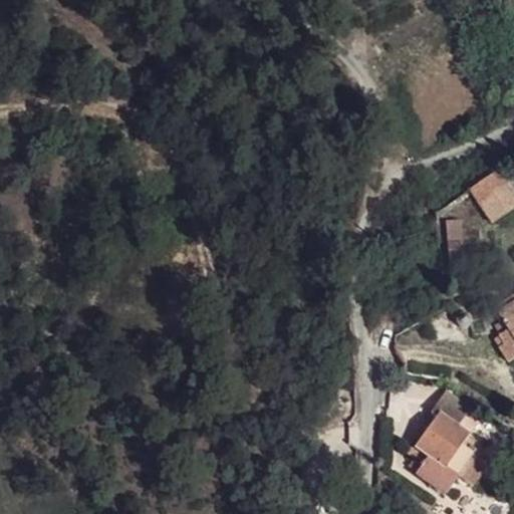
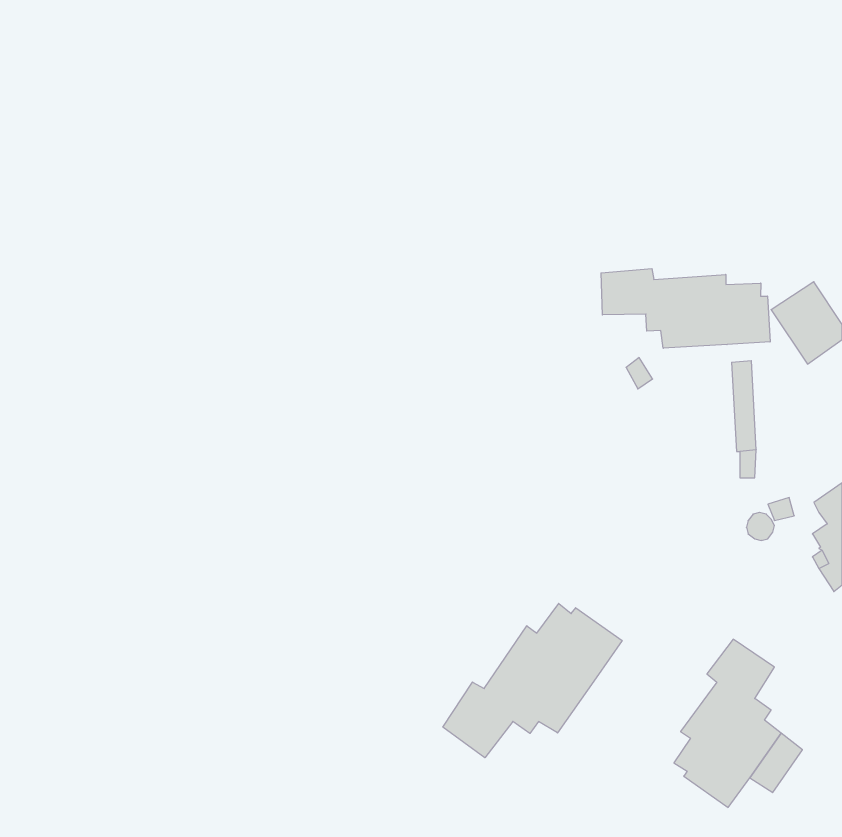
building: none -> [601,269,770,348]
building: none -> [443,603,622,758]

